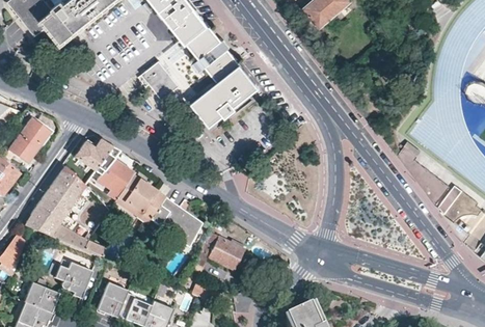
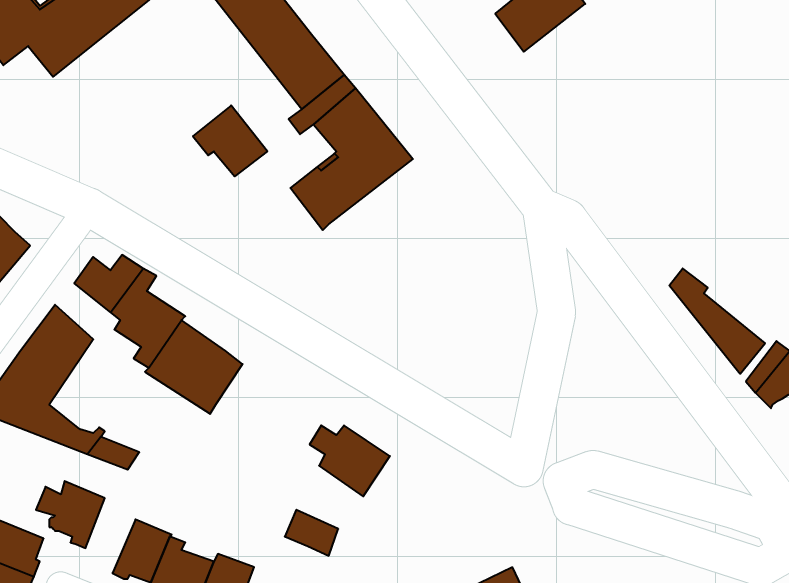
building: [151,199,200,246] -> none

